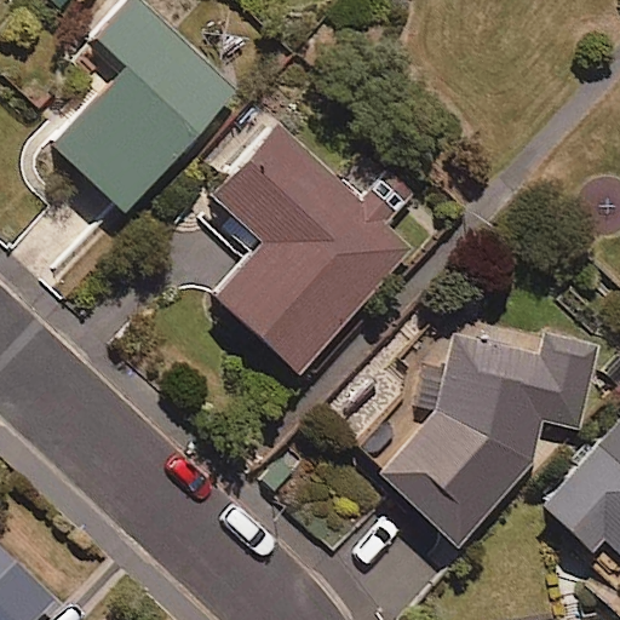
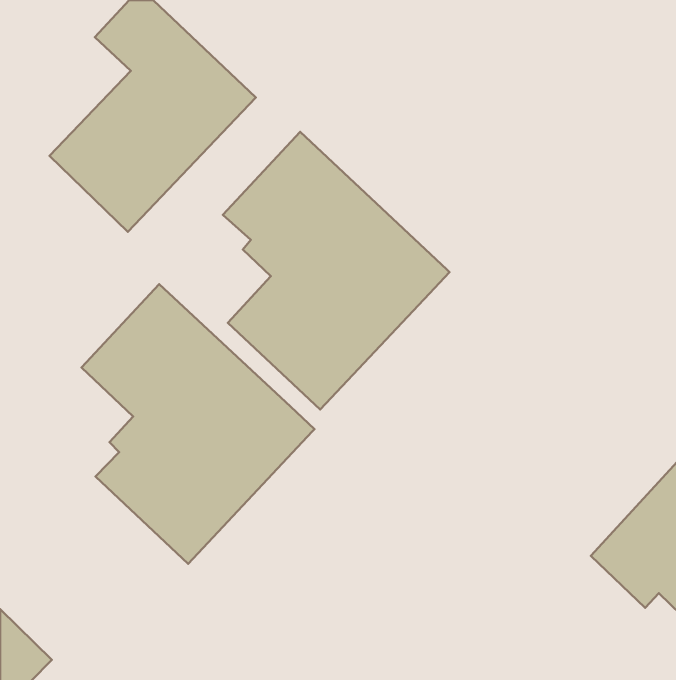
building: none -> [82,284,315,564]
building: [374,331,601,550] -> none

